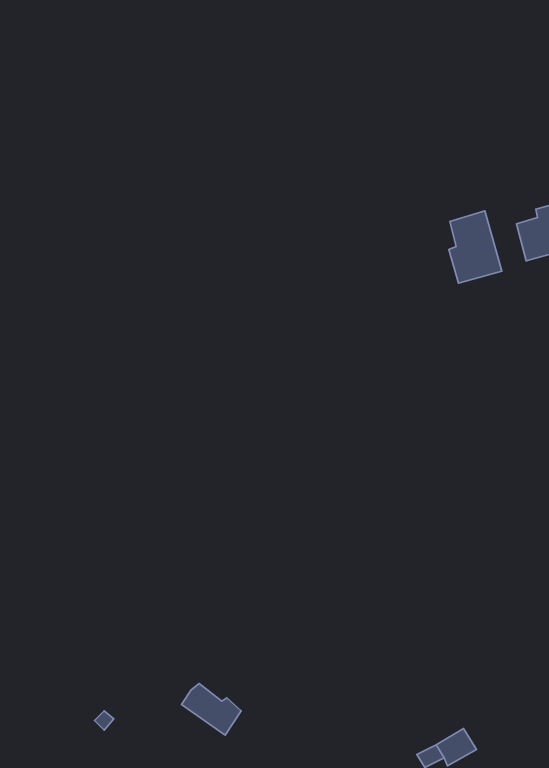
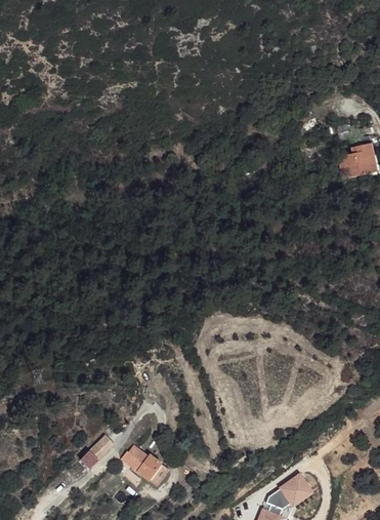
building: [449,211,502,283] -> none
building: none -> [82,438,115,470]

